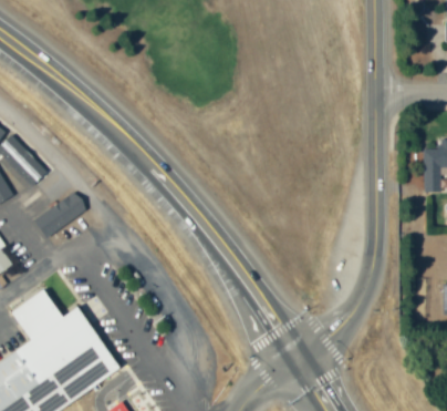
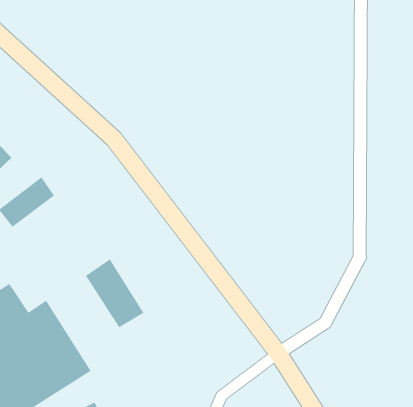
building: none -> [85,258,144,328]

